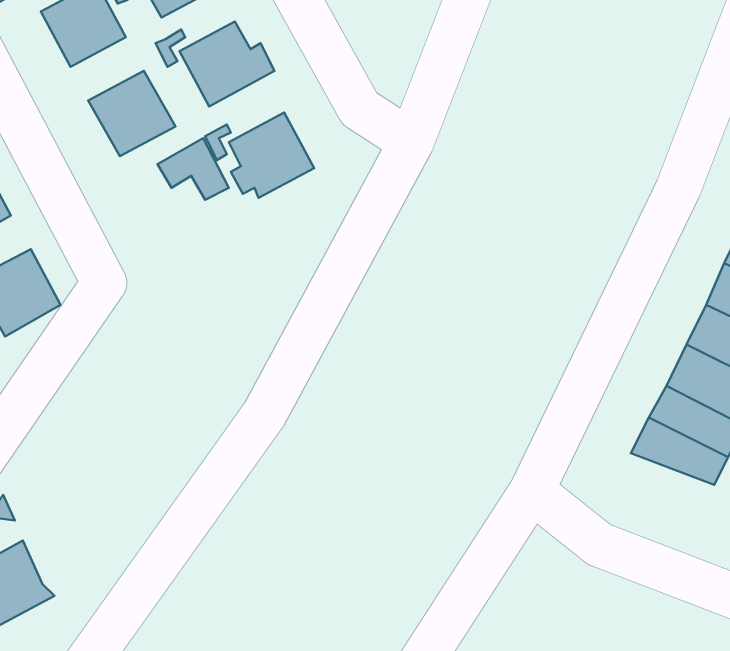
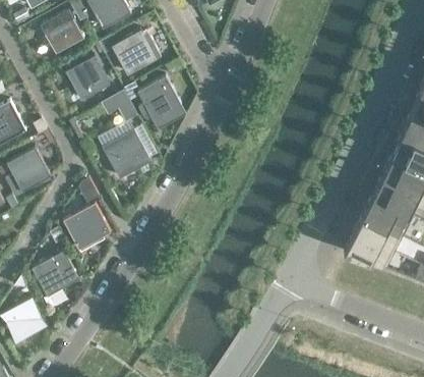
building: none -> [102,128,152,178]
building: none -> [63,203,111,249]
building: none -> [32,251,79,297]

